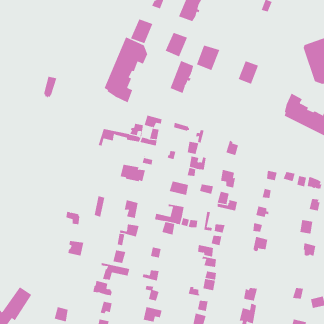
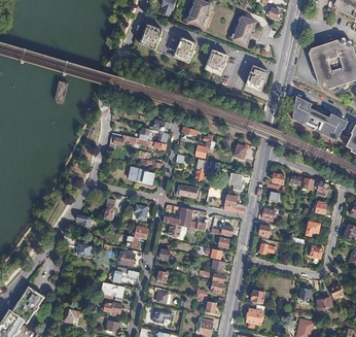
building: none -> [233,18,255,45]
building: [104,37,148,103] -> none
building: [170,60,194,94] -> none

